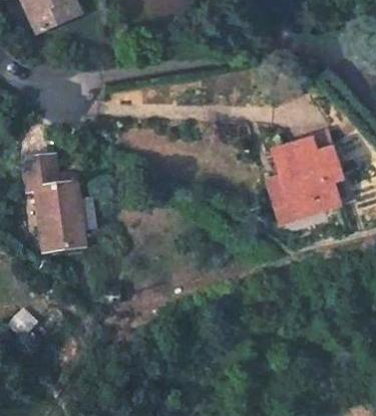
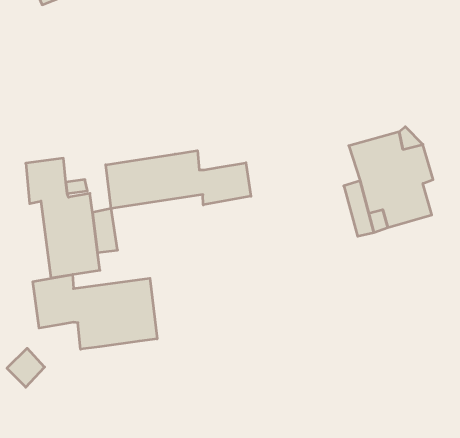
building: none -> [106,151,251,209]
building: none -> [33,274,157,349]

